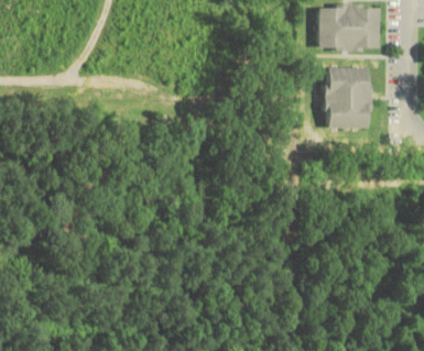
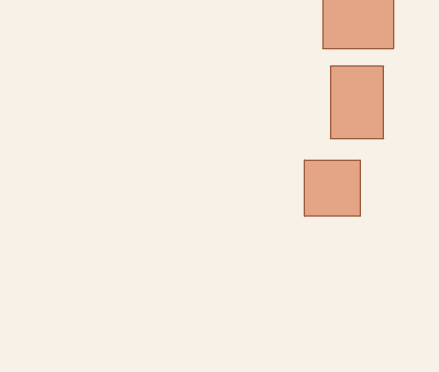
building: none -> [305,160,360,216]

